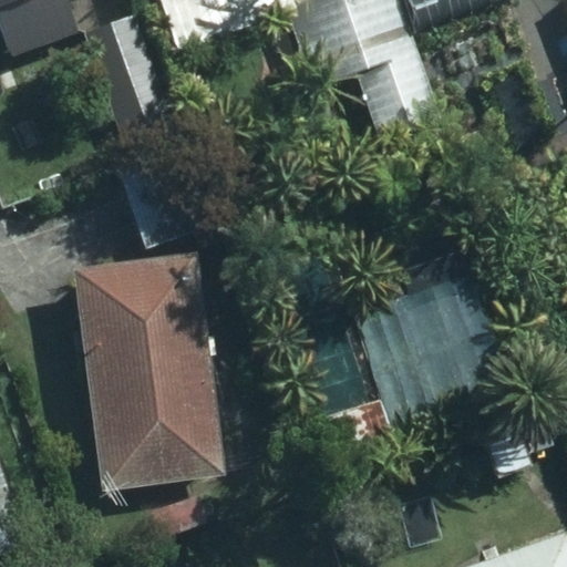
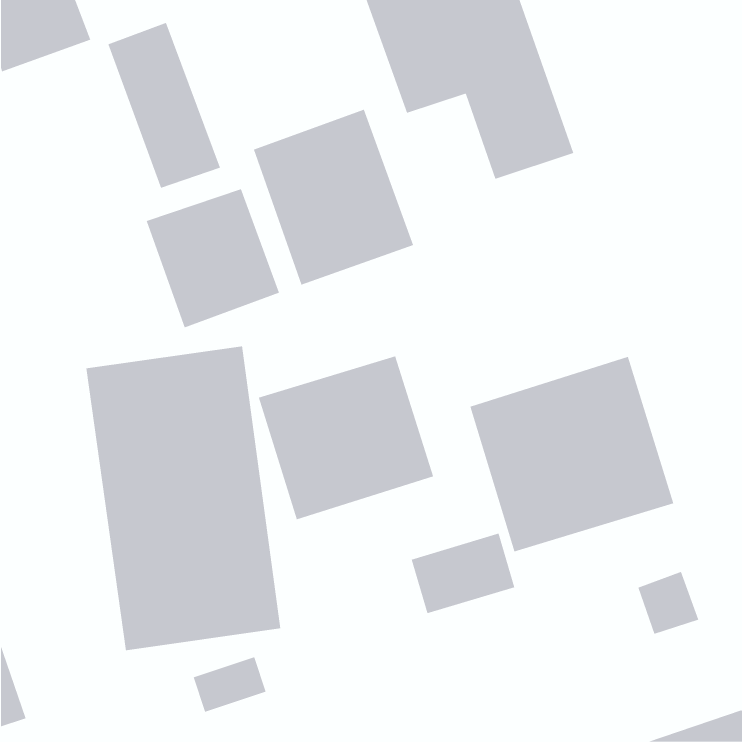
building: none -> [253,109,414,285]
building: none -> [258,355,434,520]

